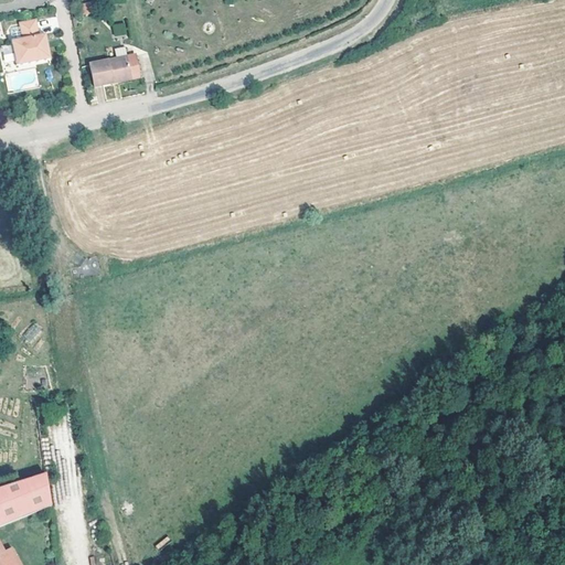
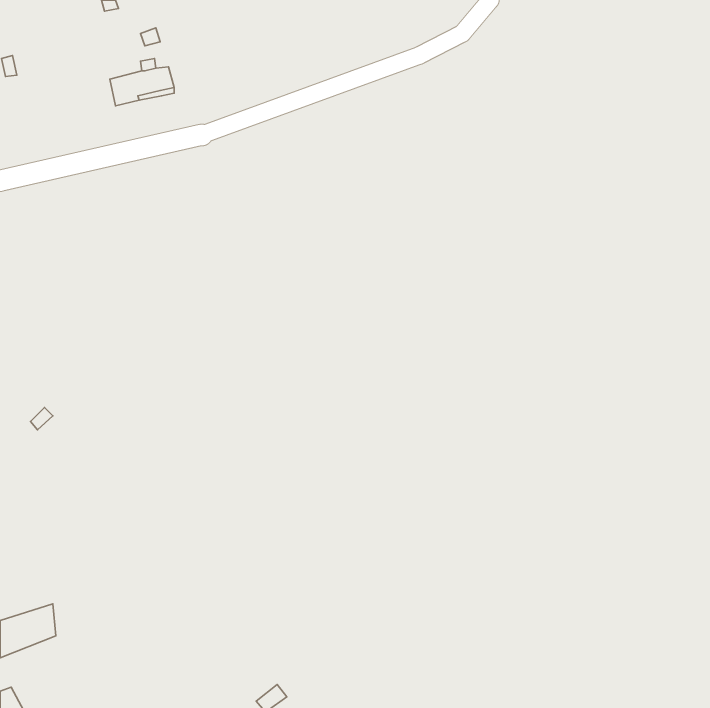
building: [11,12,51,58] -> none

